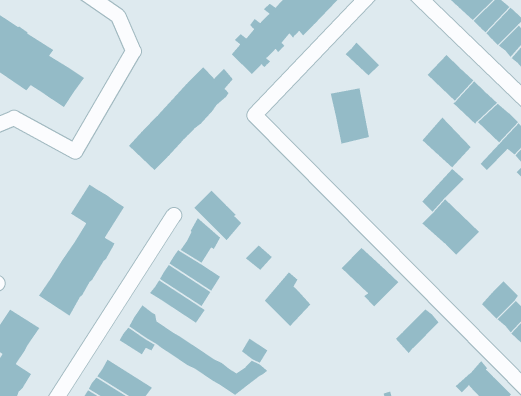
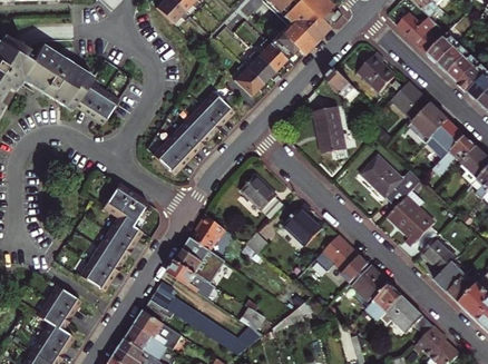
building: none -> [357,49,393,90]
building: [421,117,471,168] -> [360,155,400,196]
building: [194,190,242,241] -> [244,177,283,218]
building: none -> [420,237,457,270]
building: [264,271,311,327] -> [284,203,322,247]
building: none -> [349,263,390,303]
building: none -> [380,295,435,335]
building: none -> [135,309,185,350]

